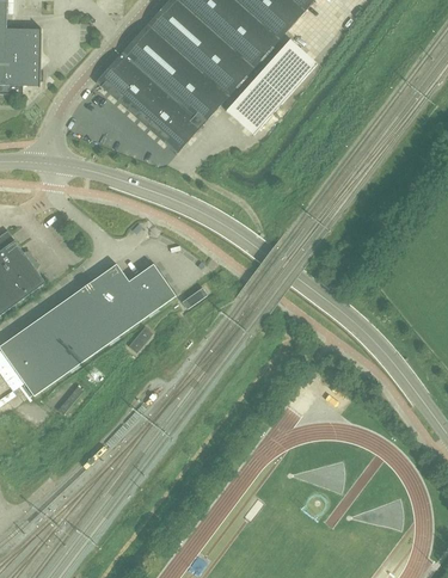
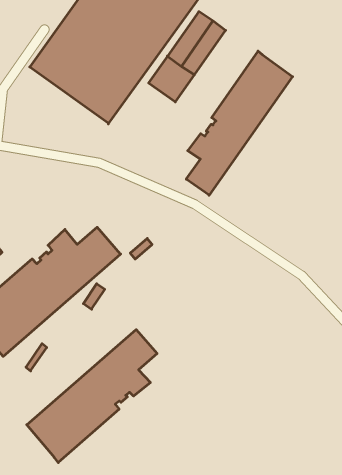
building: none -> [186,51,293,195]
building: none -> [27,330,157,463]

